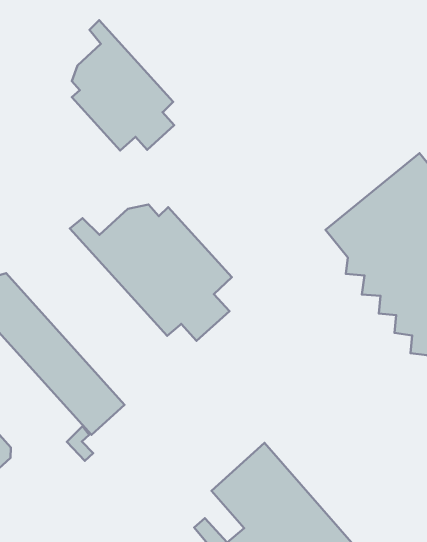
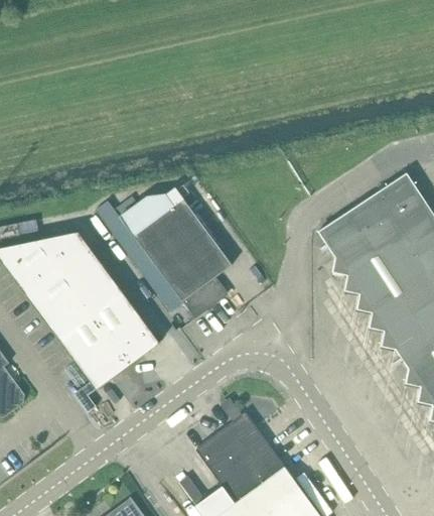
building: [72,20,174,150] -> none
building: none -> [35,233,159,367]

